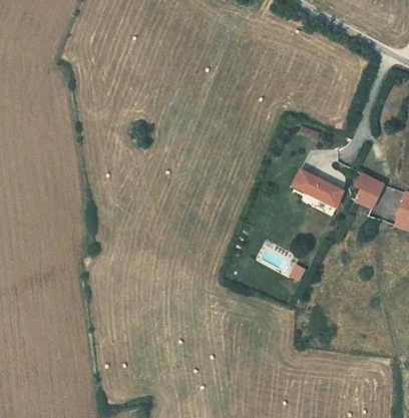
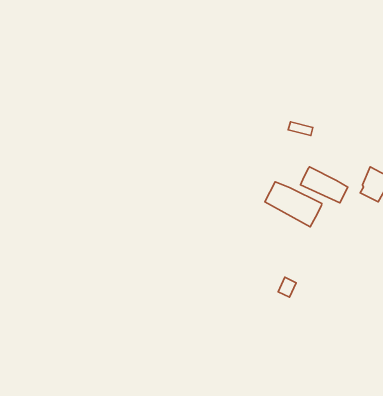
building: none -> [265,182,322,227]

